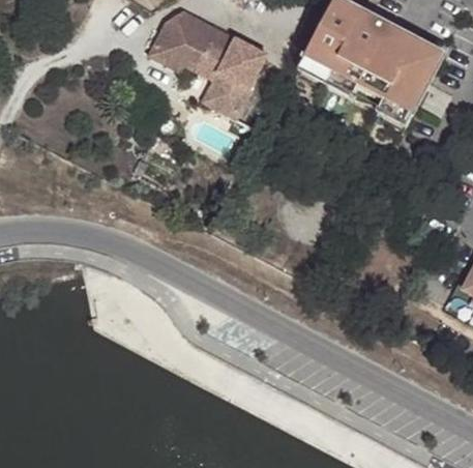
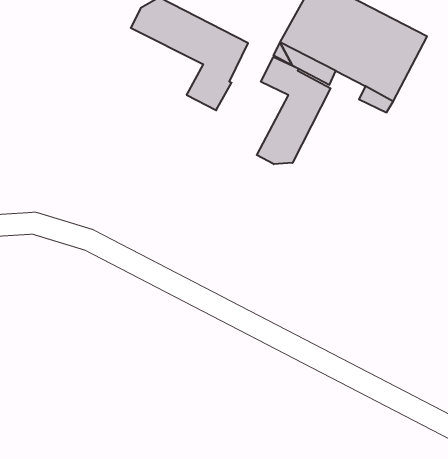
building: [154,40,230,104] -> none
building: none -> [257,57,331,164]

